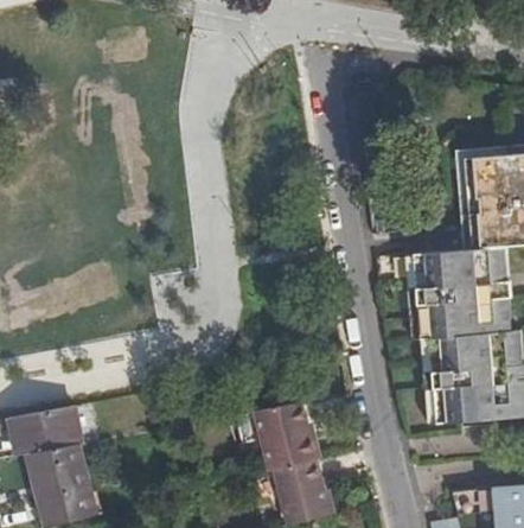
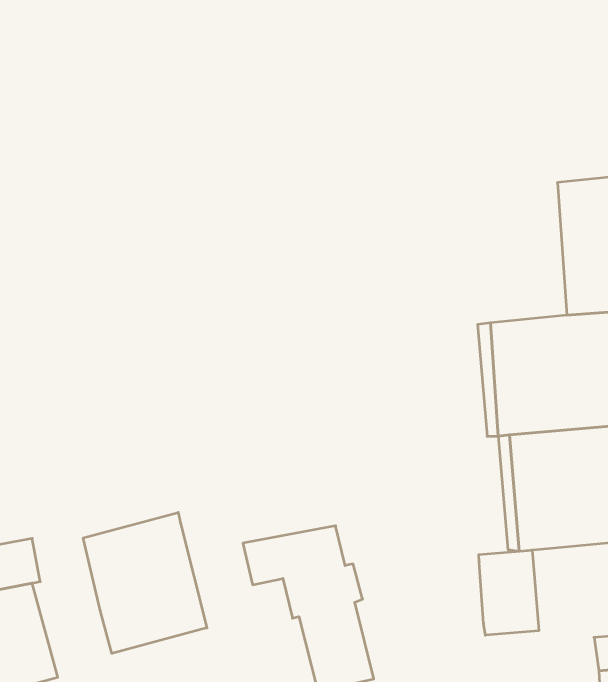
building: none -> [83,512,207,653]
building: none -> [479,550,539,635]

